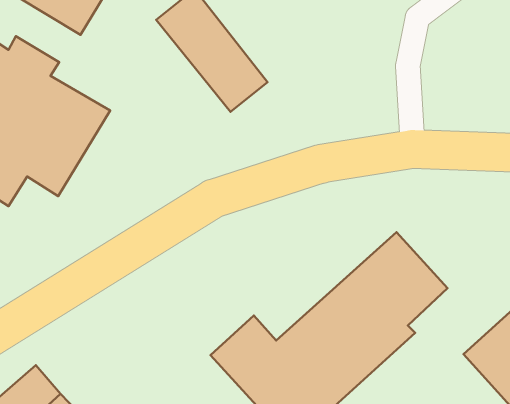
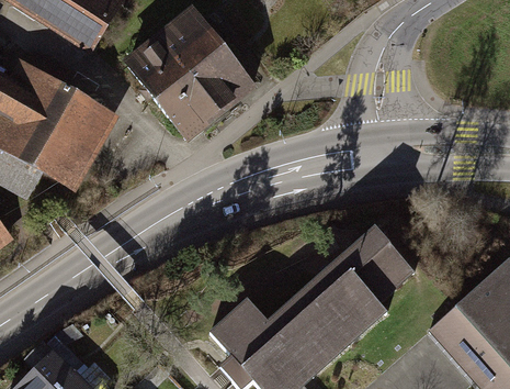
building: none -> [124,37,224,146]

